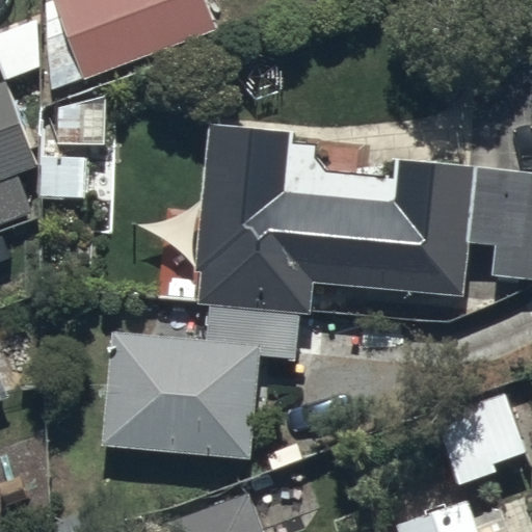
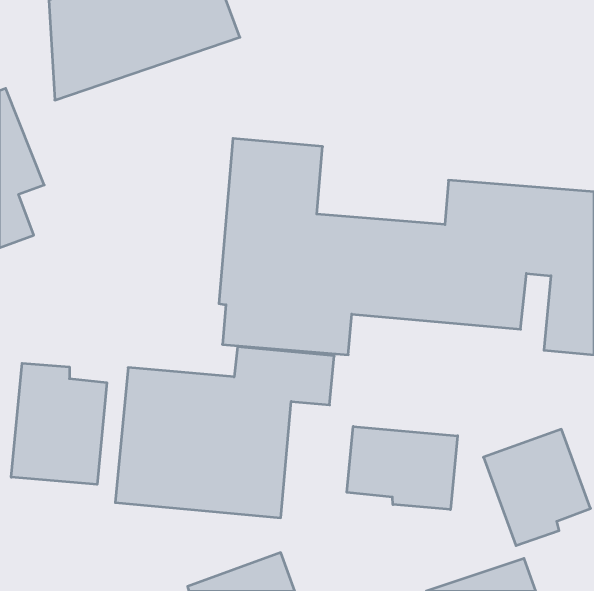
building: none -> [11,363,107,484]
building: none -> [347,426,458,510]

